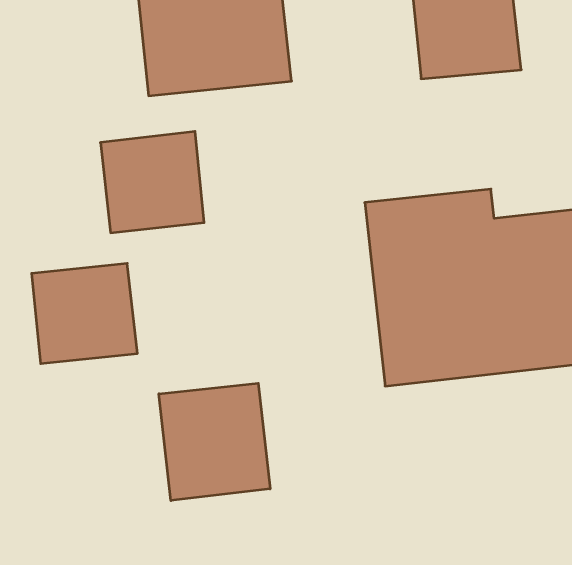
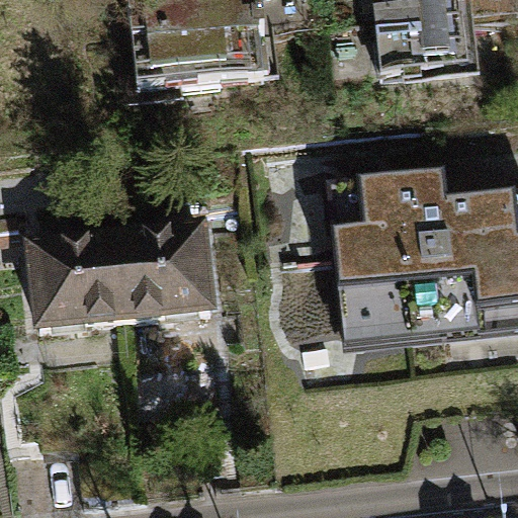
building: [100,131,204,233] -> [117,227,210,318]
building: [159,383,270,501] -> none

